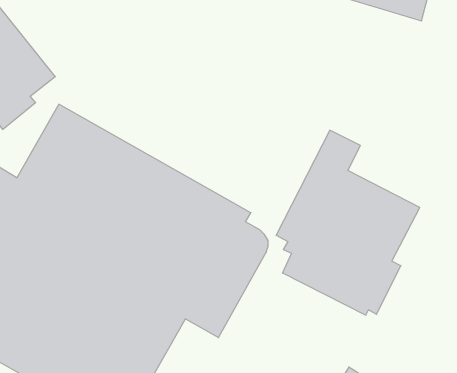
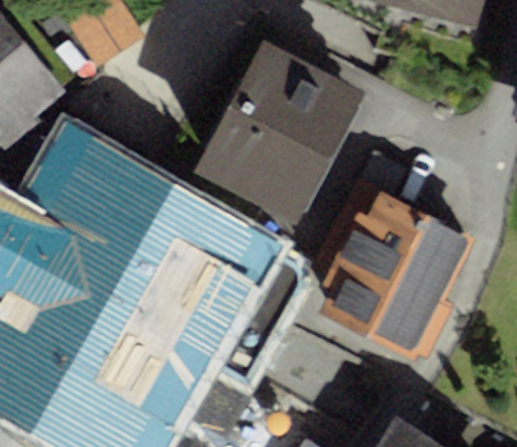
building: none -> [191,38,361,223]

